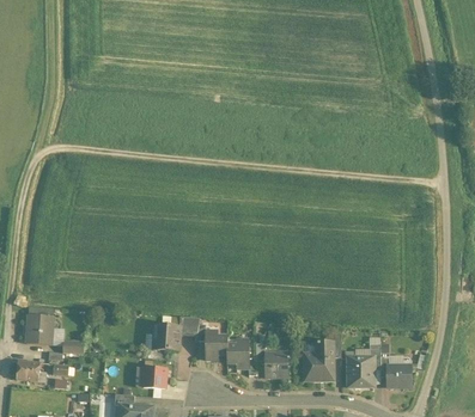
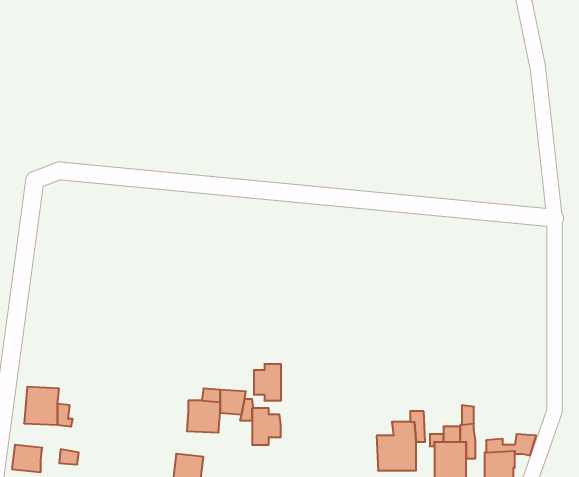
building: [226,339,248,368] -> [254,364,281,401]
building: [263,352,286,378] -> none

